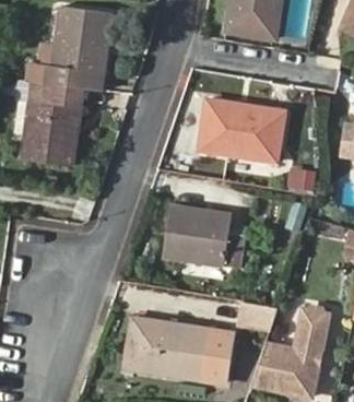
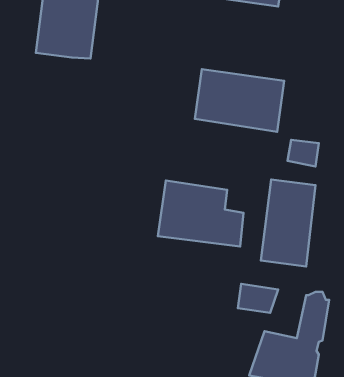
building: [22,80,83,164] -> none
building: none -> [261,179,316,266]
building: [125,319,233,380] -> none

